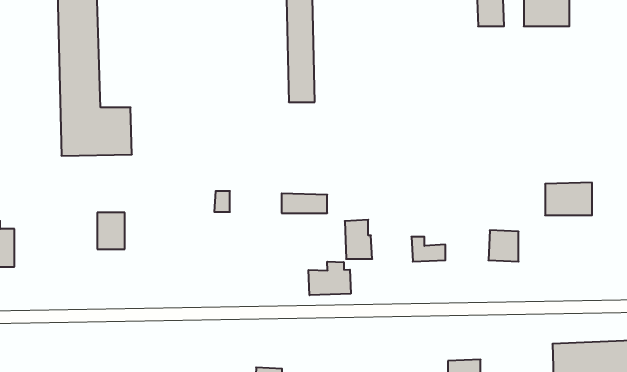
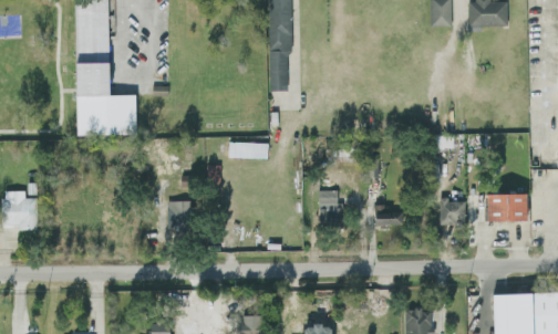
building: [545,183,592,215] -> [487,192,527,220]
building: [282,193,327,213] -> [229,140,268,157]
building: [97,213,125,249] -> [167,200,190,231]
building: [309,262,351,295] -> none

